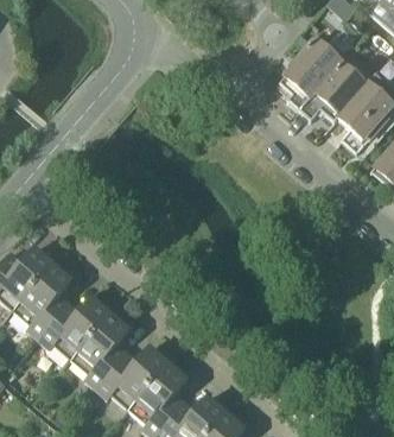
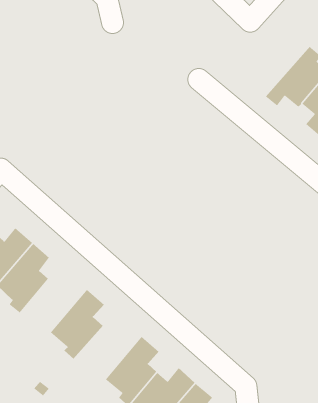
building: [281,36,345,108] -> none
building: [38,297,109,359] -> none
building: [95,347,167,408] -> none

